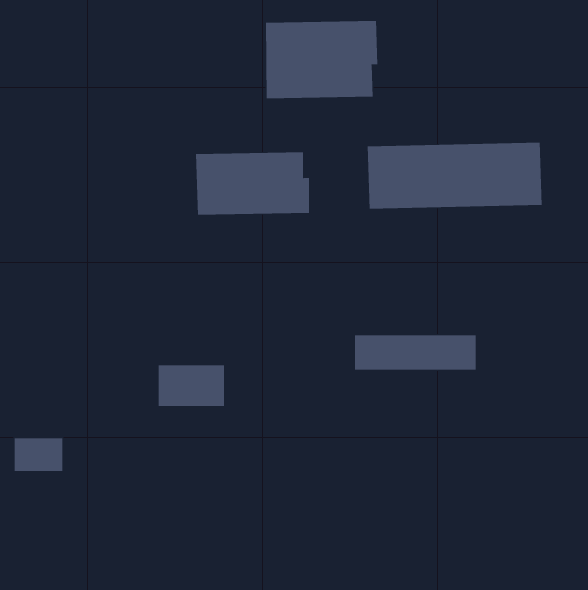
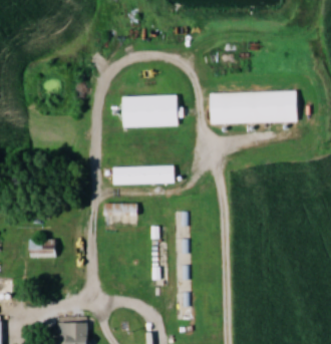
building: [266,20,378,99] -> none
building: [354,335,477,370] -> [111,165,174,184]

